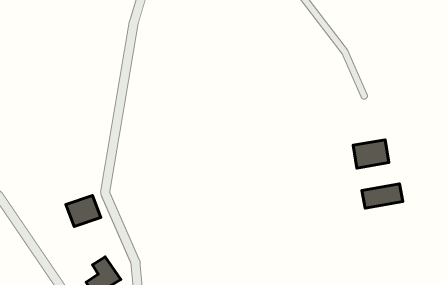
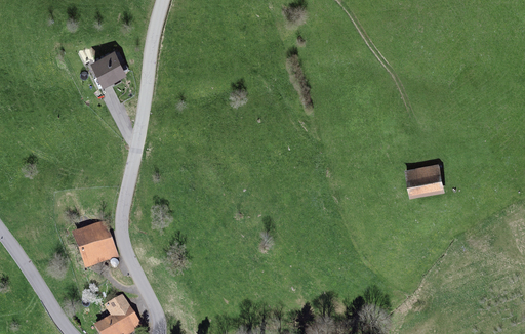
building: none -> [84,52,123,88]
building: [362,184,403,208] -> none

